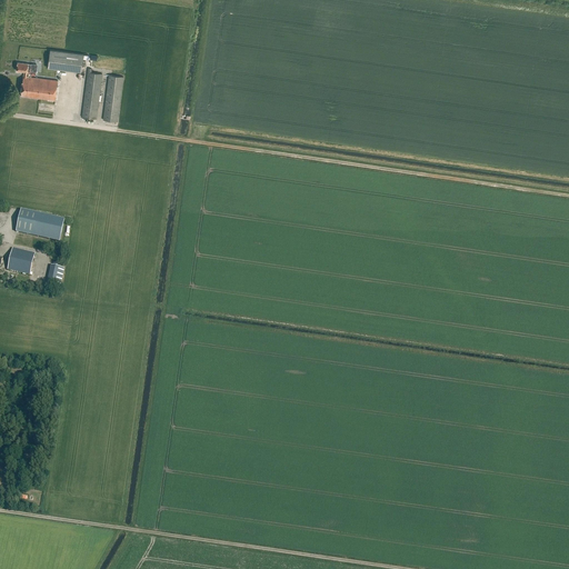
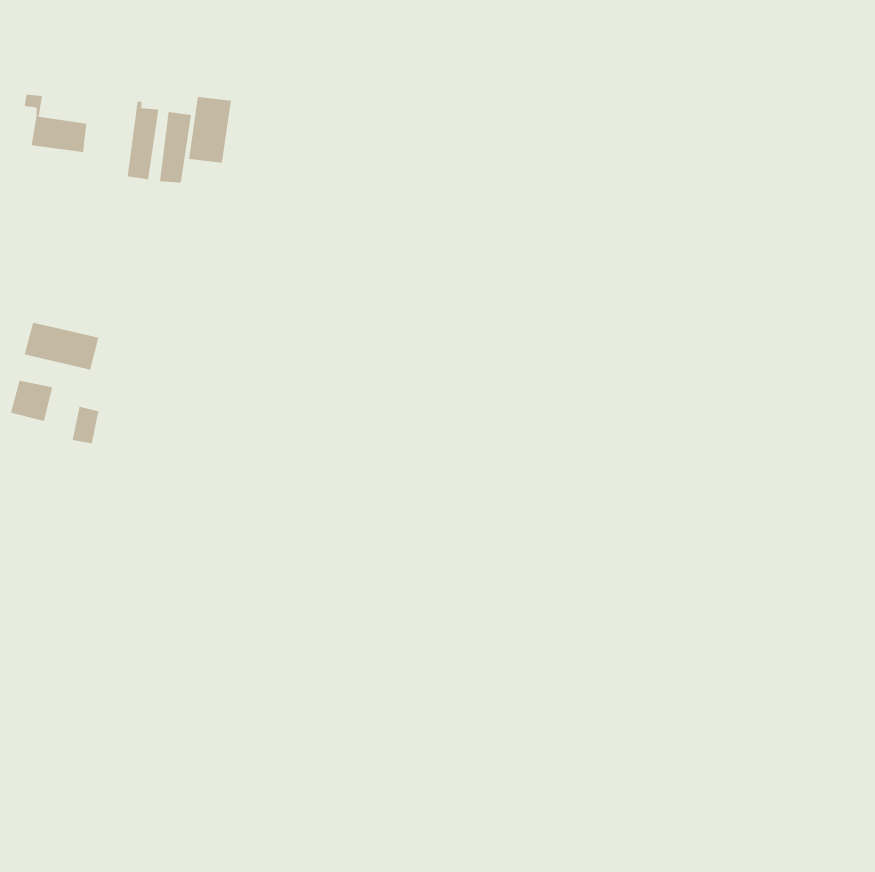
building: [48,49,83,71] -> none
building: none -> [188,96,231,164]

